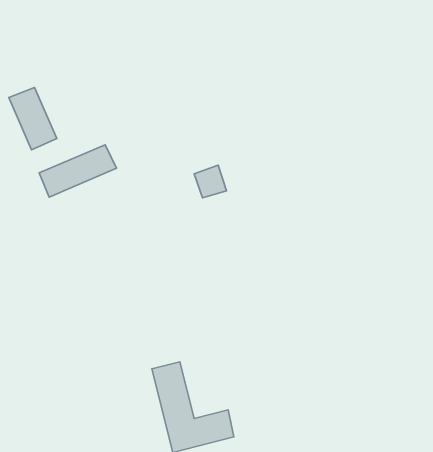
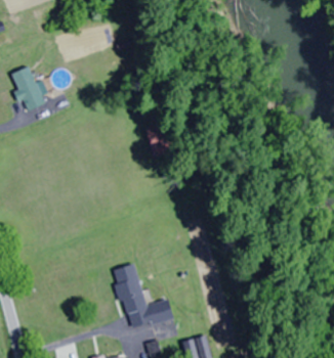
building: [39,145,117,197] -> none

